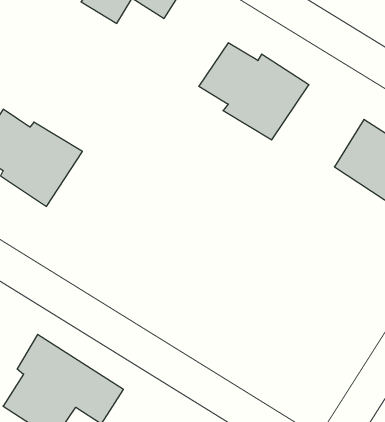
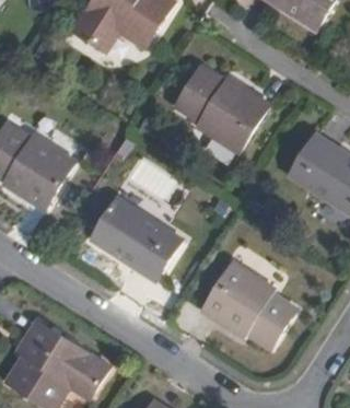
building: none -> [91,199,179,280]
building: none -> [201,263,294,347]

